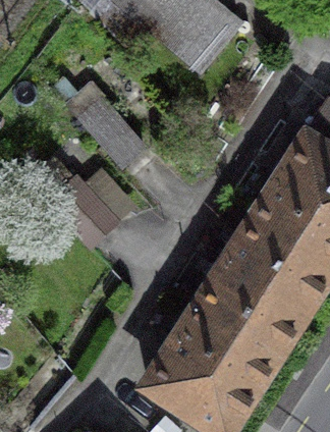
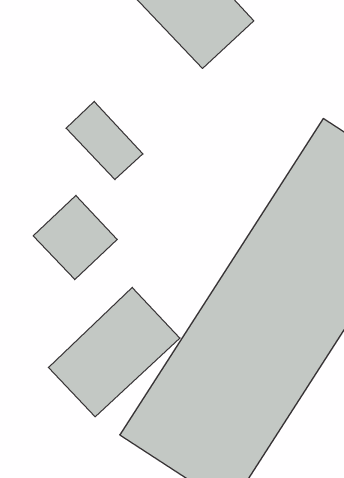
building: none -> [48,287,180,417]

